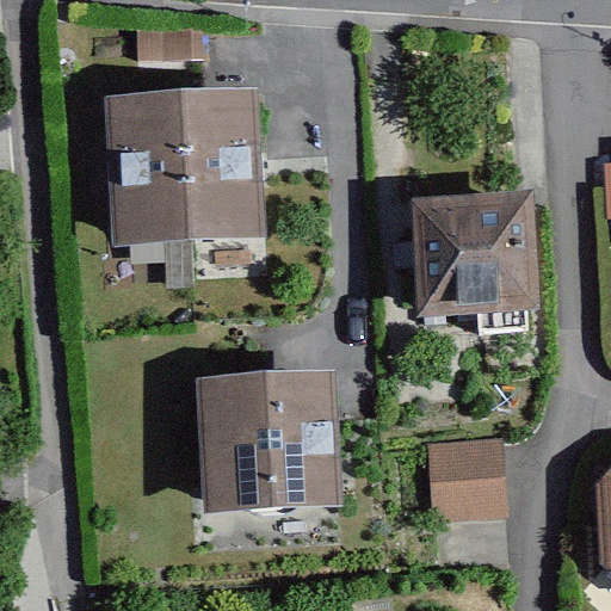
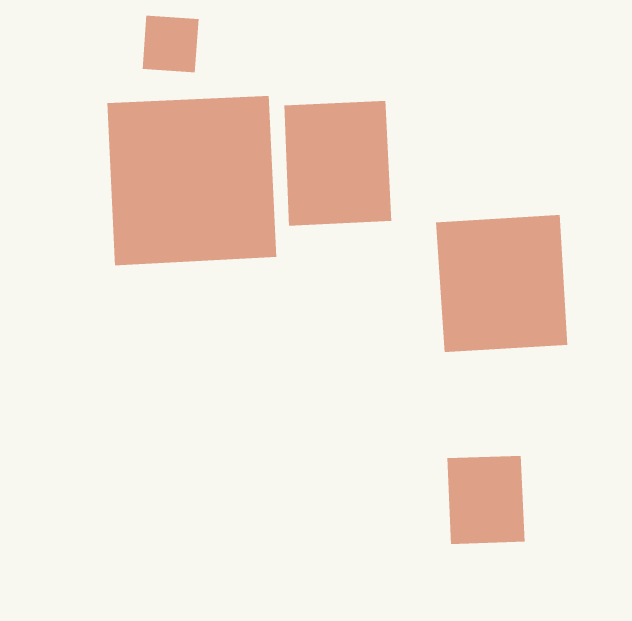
building: none -> [284,100,392,226]
building: [191,379,347,527] -> none

